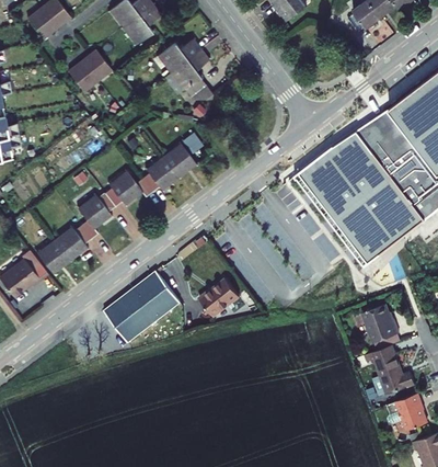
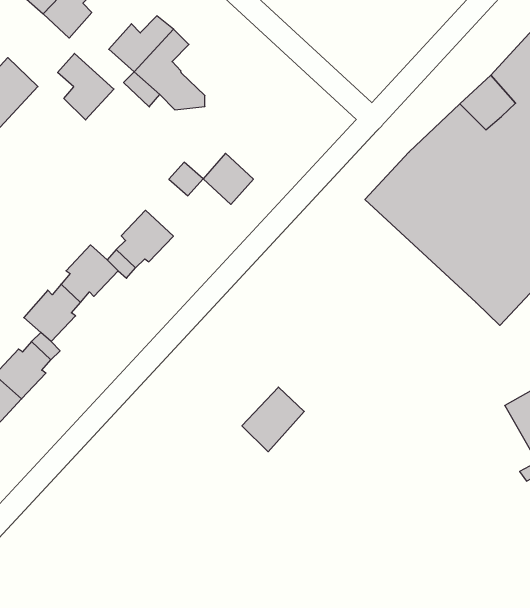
building: none -> [58,53,114,120]
building: [163,144,194,175] -> [203,153,253,204]
building: [103,271,180,342] -> none

